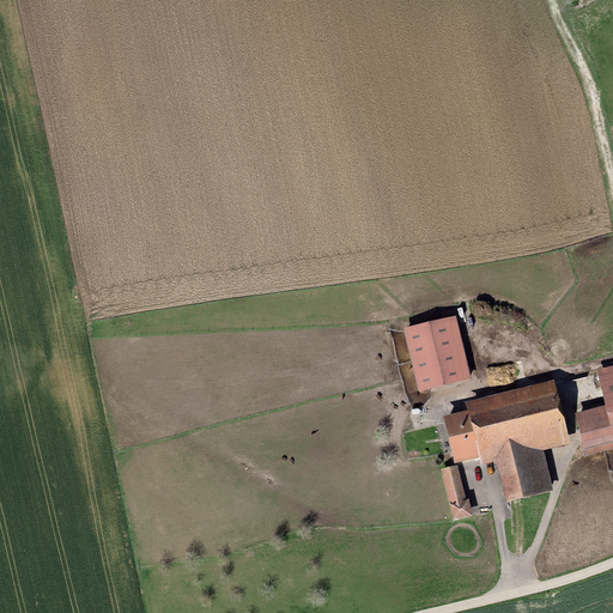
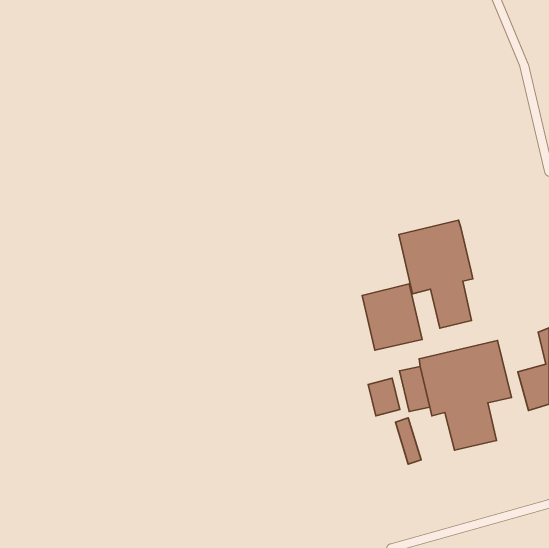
building: none -> [399,220,473,328]
building: none -> [368,378,400,416]

